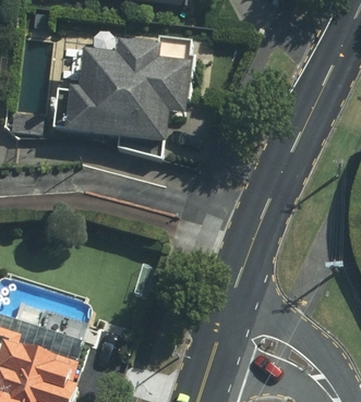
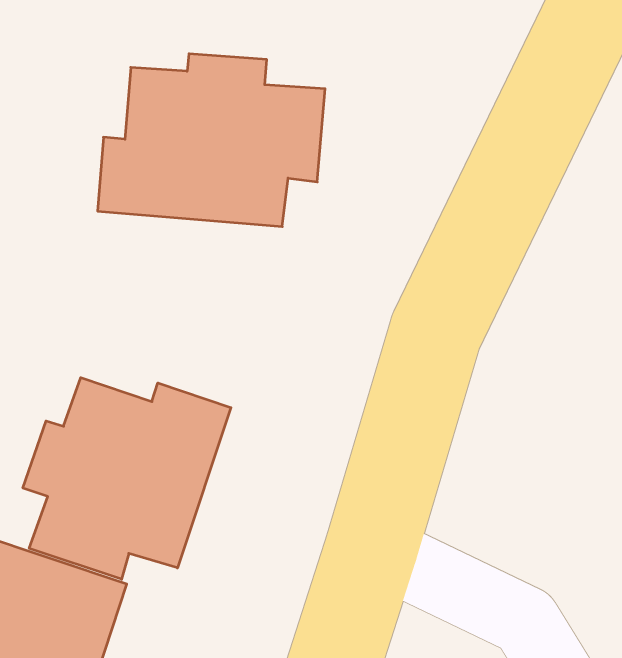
building: none -> [23,378,231,579]

